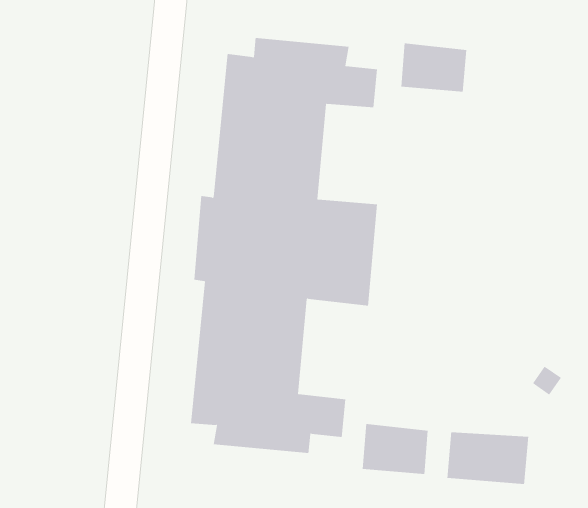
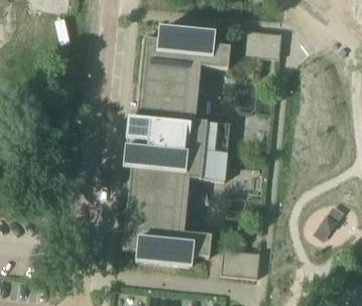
building: [447,432,529,485] -> none

